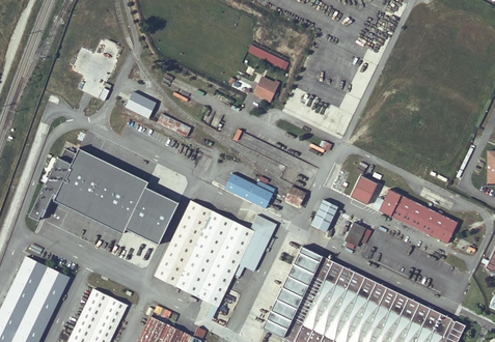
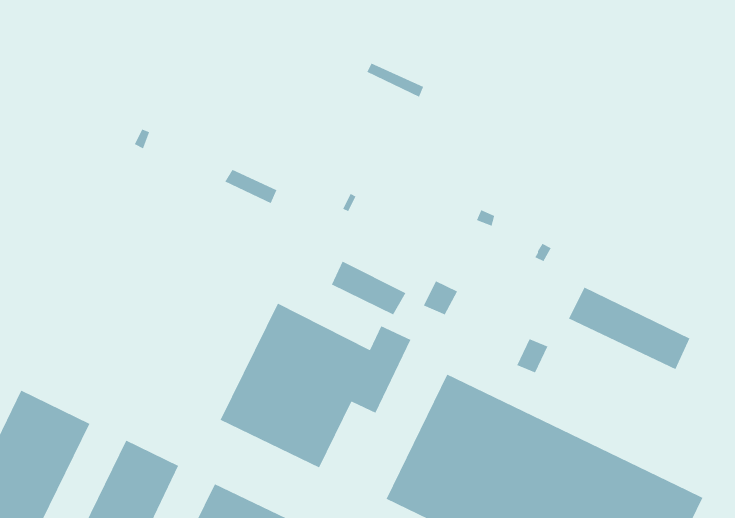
building: [253,76,279,103] -> none
building: [126,91,157,119] -> none
building: [30,148,180,244] -> none
building: [350,176,377,205] -> none
building: [310,200,337,232] -> none

